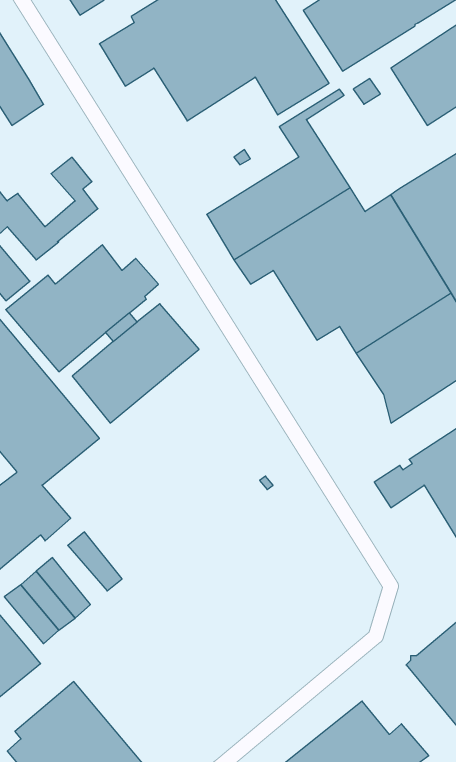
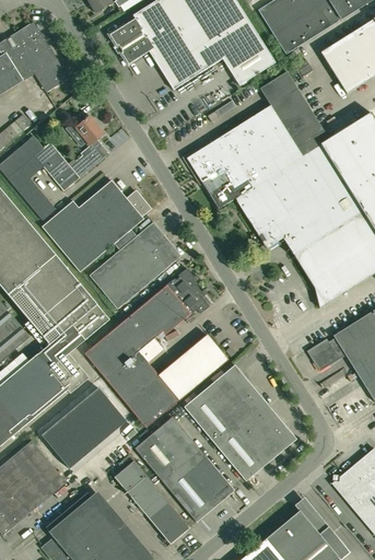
building: none -> [259,71,328,155]
building: none -> [84,268,227,427]
building: none -> [184,364,296,480]
building: none -> [75,397,115,440]
building: none -> [134,417,234,522]
building: none -> [115,460,189,542]

